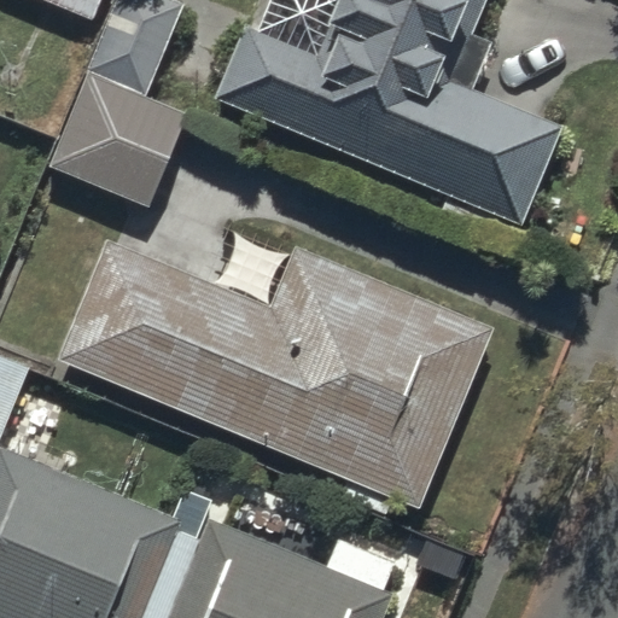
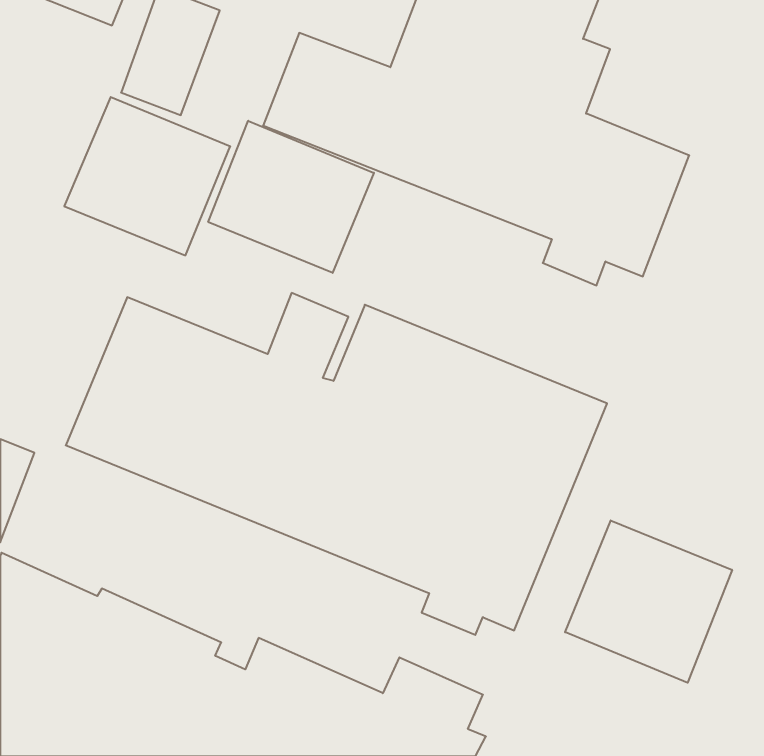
building: none -> [208,121,374,273]
building: none -> [565,520,732,683]

